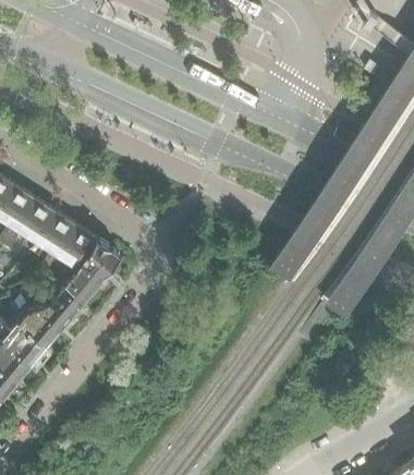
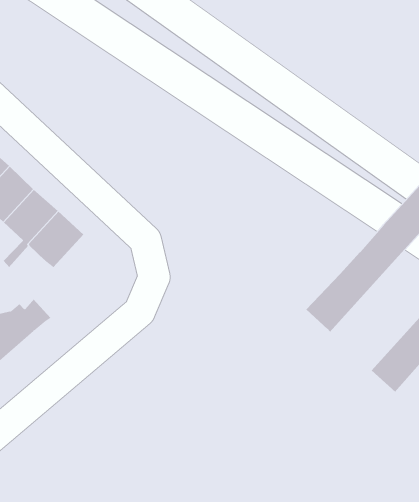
building: [57,239,123,304] -> none

